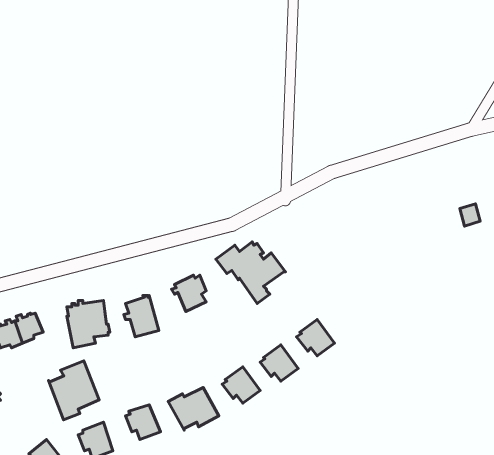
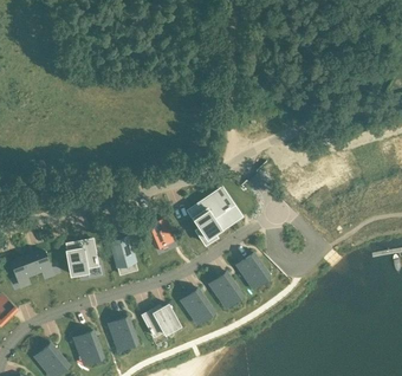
building: [49,361,99,420] -> none

